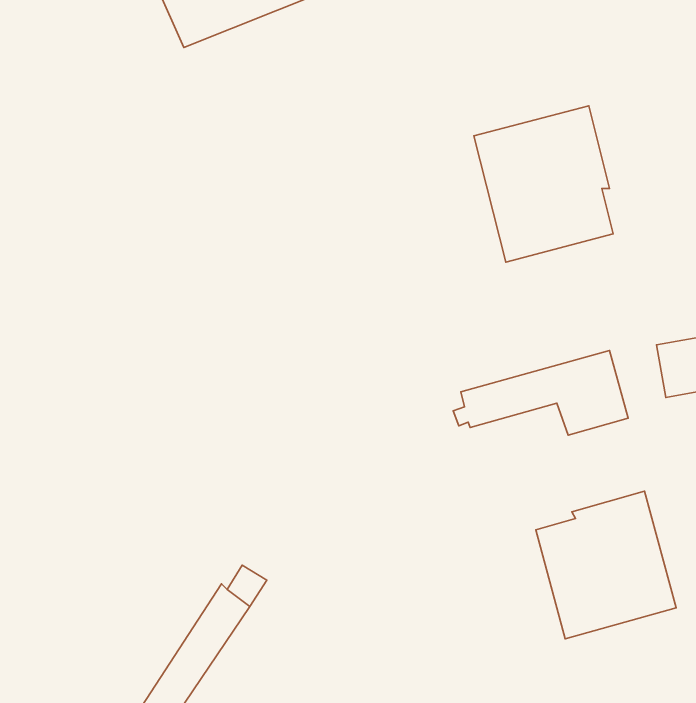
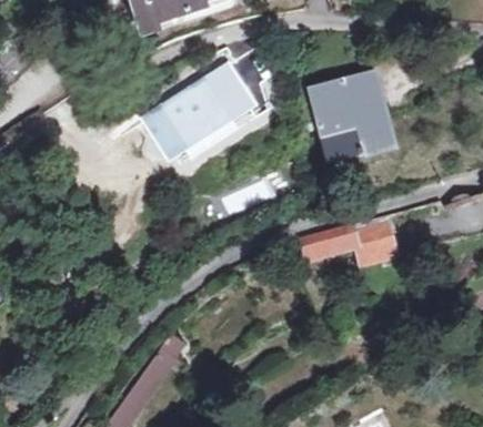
building: none -> [141,65,248,154]
building: [536,491,676,639] -> none

